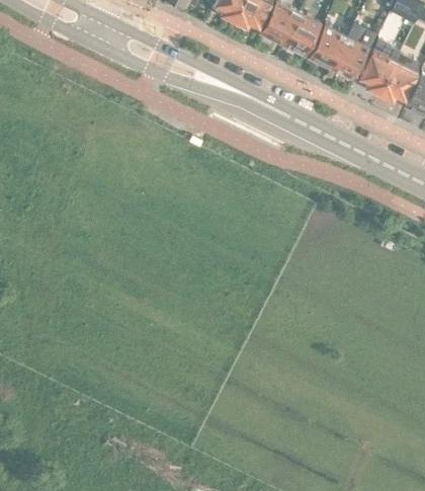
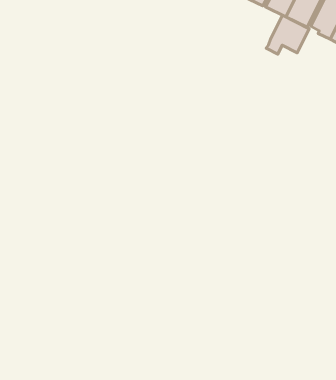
building: none -> [266,15,309,54]

